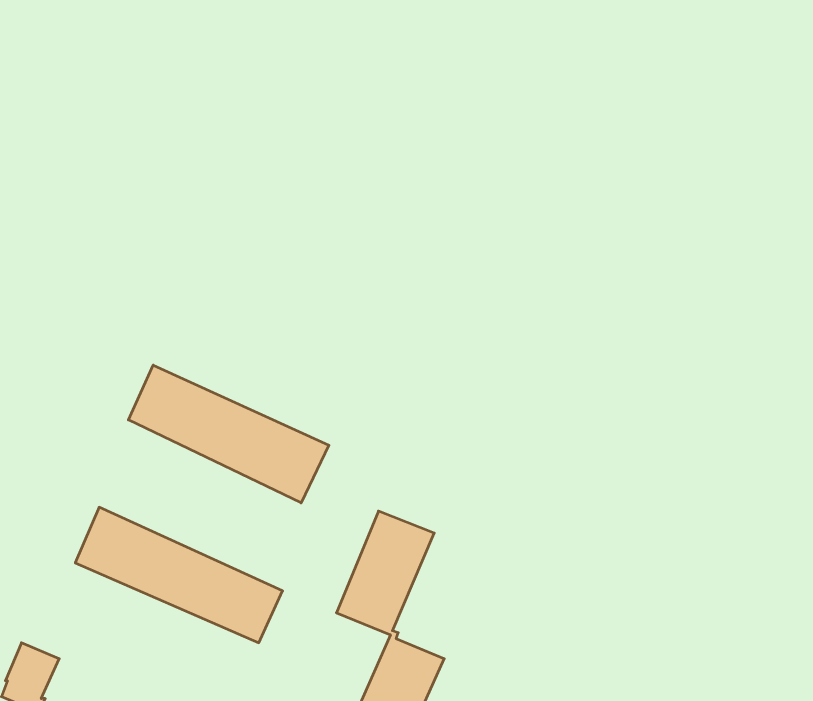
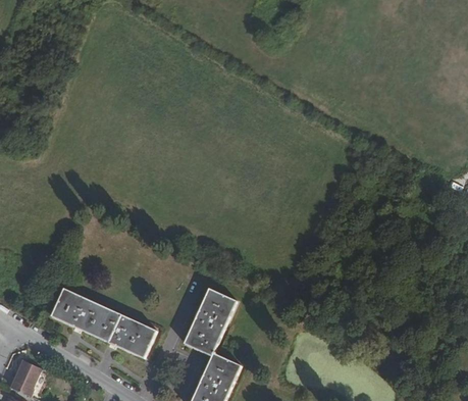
building: [128,365,329,503] -> none

